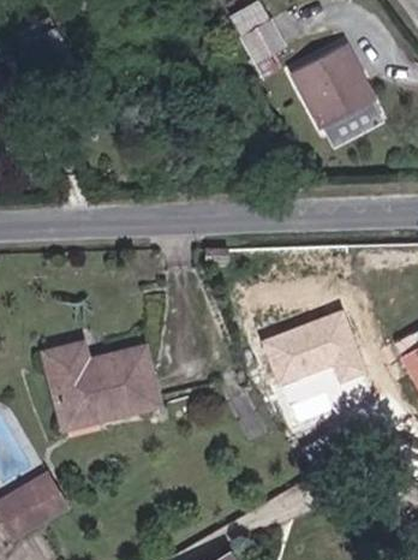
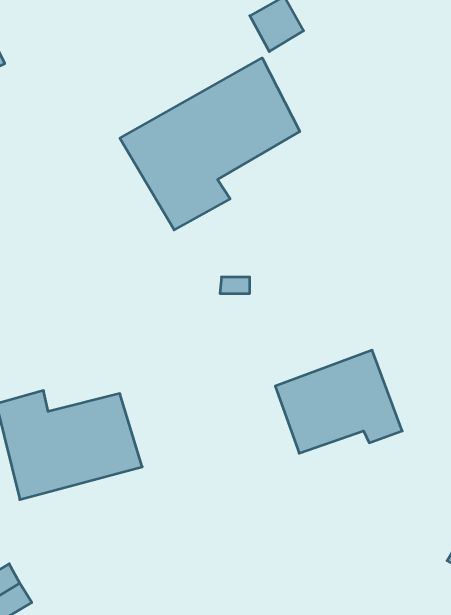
building: [295,48,377,131] -> none
building: none -> [120,58,300,230]

